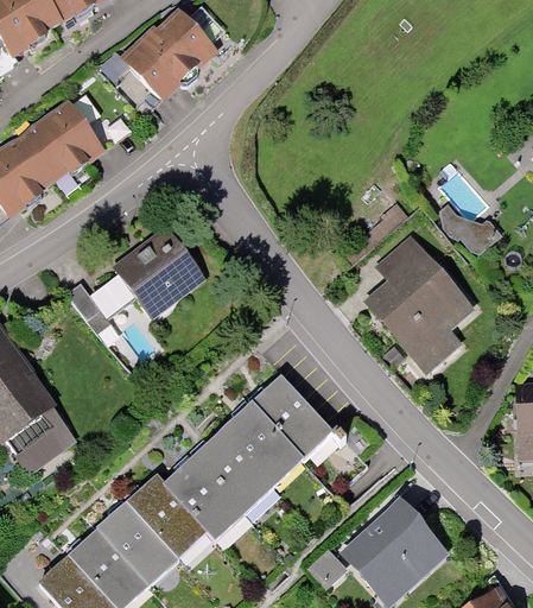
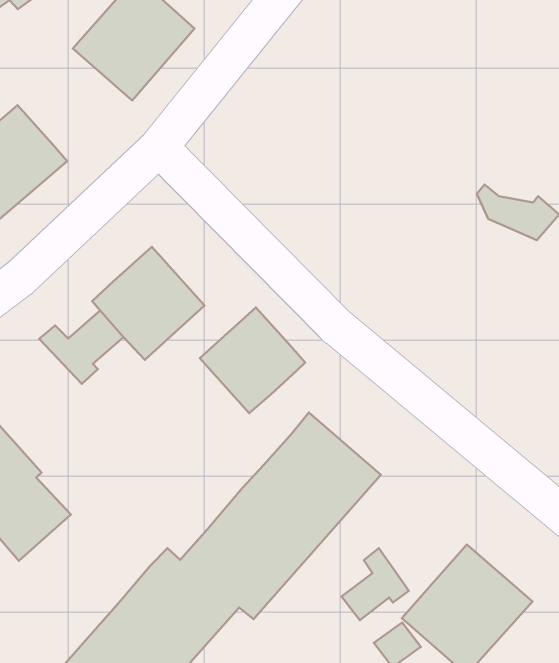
building: [363,236,472,375] -> none
building: none -> [200,307,305,413]
building: none -> [342,548,409,620]

